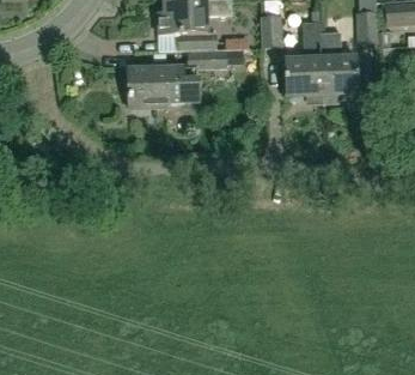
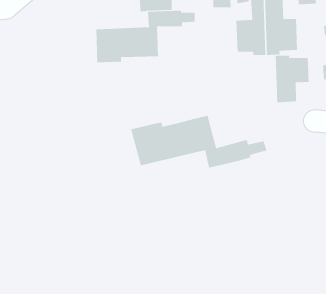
building: none -> [275,55,309,103]
building: none -> [130,115,267,168]

